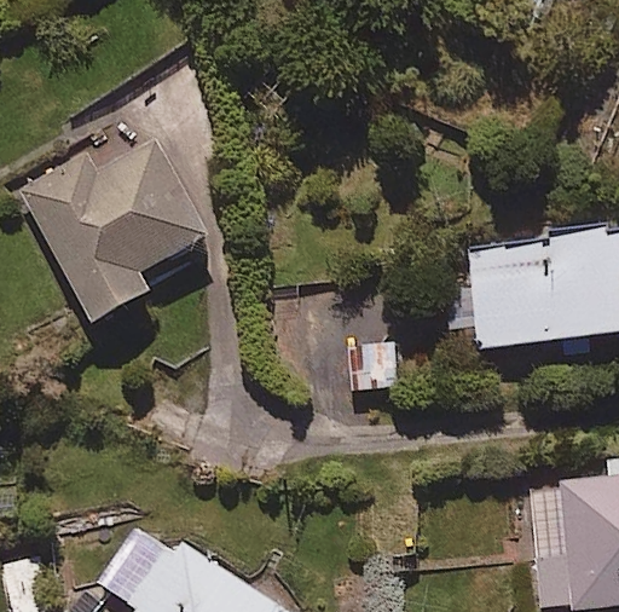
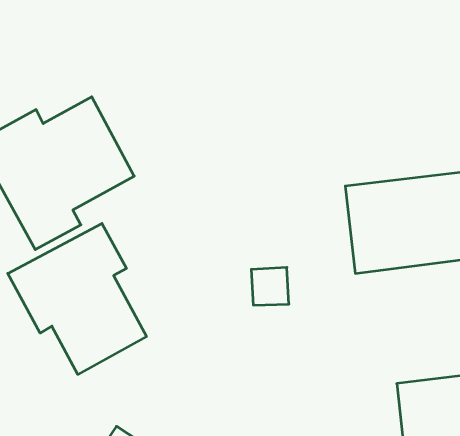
building: none -> [8,223,146,374]

